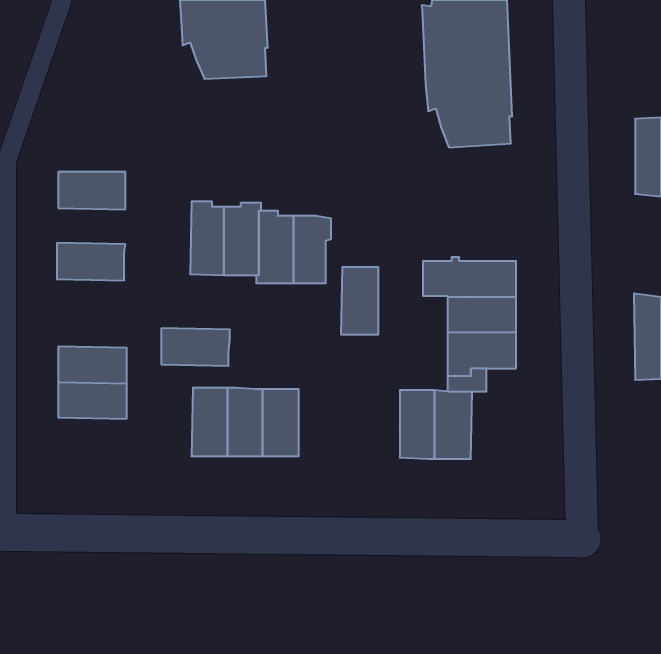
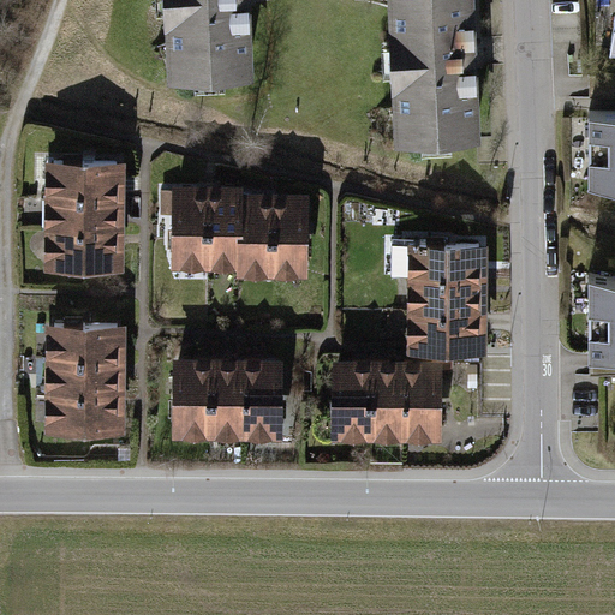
building: none -> [53,199,117,233]
building: [341,267,378,334] -> [336,369,371,431]
building: [161,328,230,366] -> [54,394,118,429]

